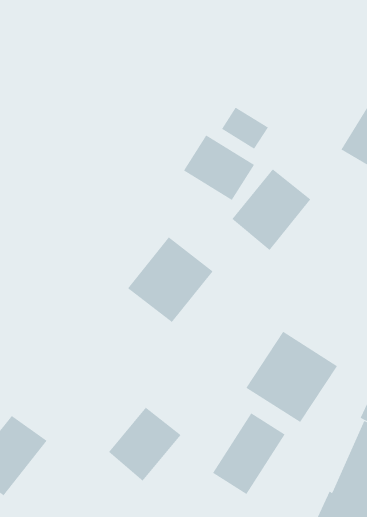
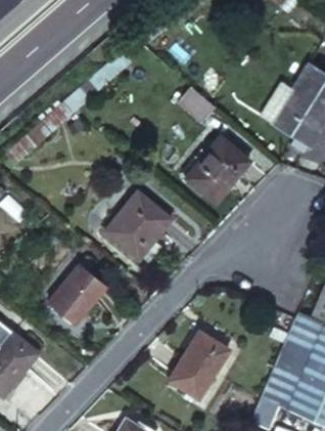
building: [183,134,255,201] -> none
building: [246,331,338,423] -> none
building: [108,407,181,481] -> [46,264,104,324]

